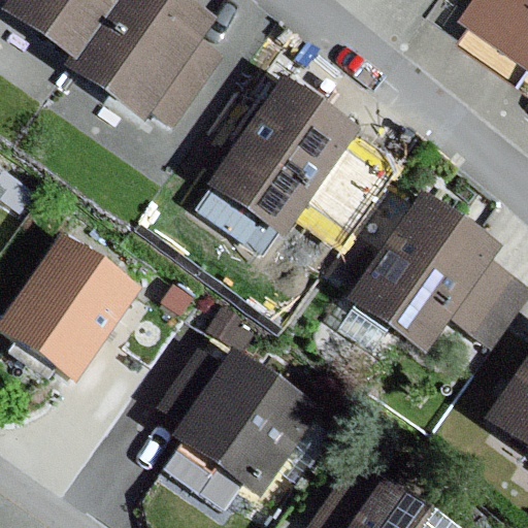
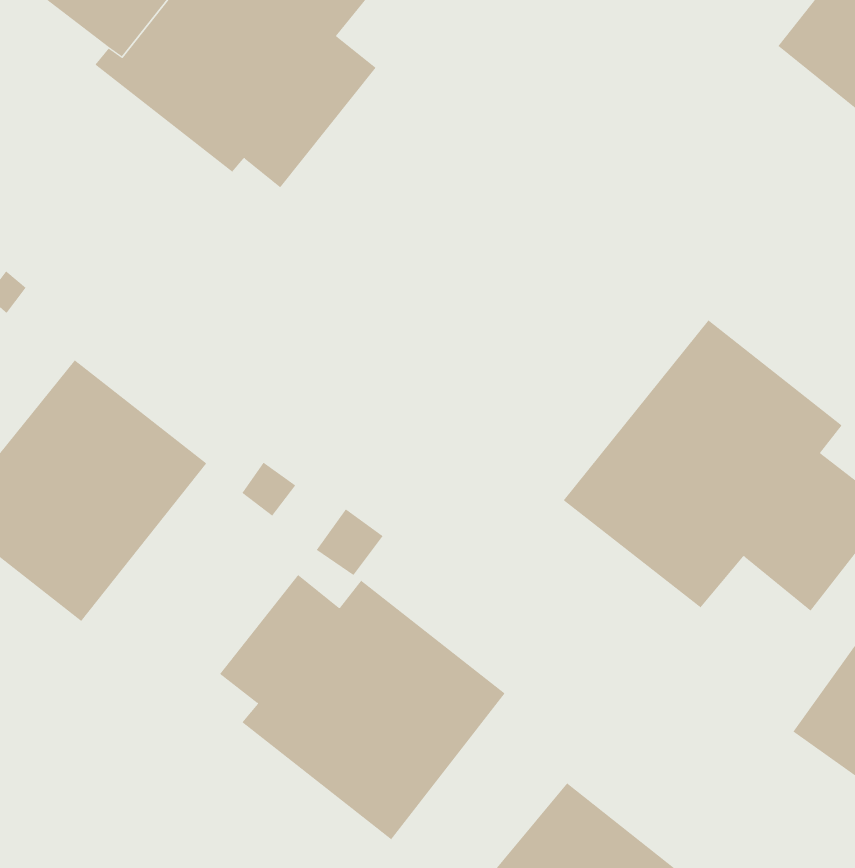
building: [208,74,374,257] -> none

